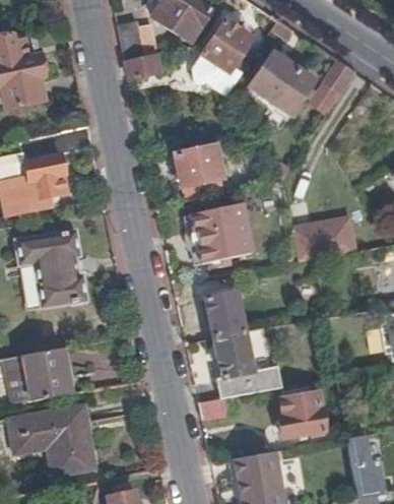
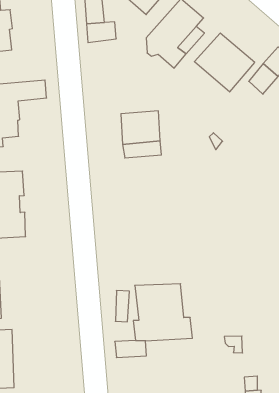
building: [189,203,251,264] -> none
building: [292,212,356,259] -> none
building: [204,293,243,338] -> none
building: [279,393,326,438] -> none

